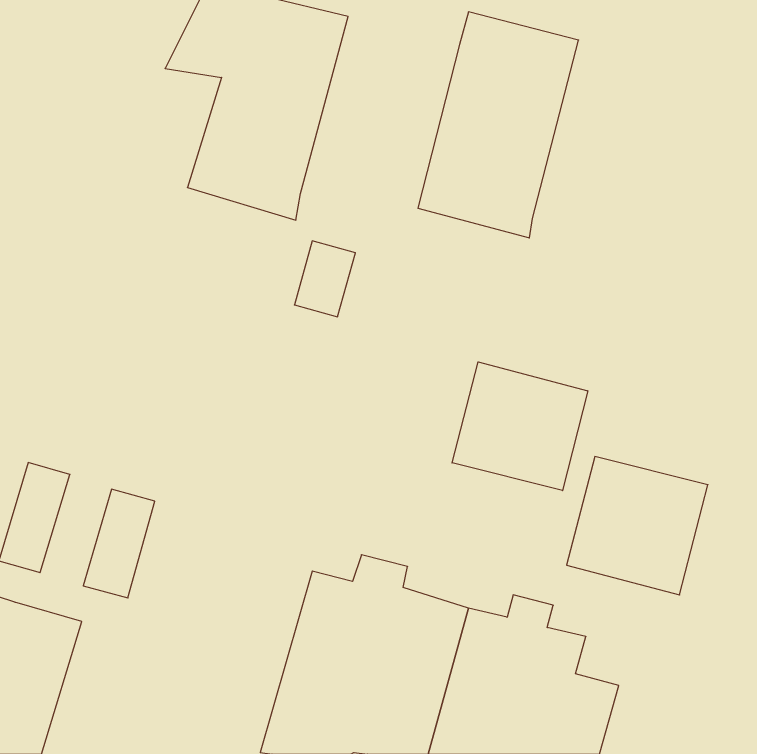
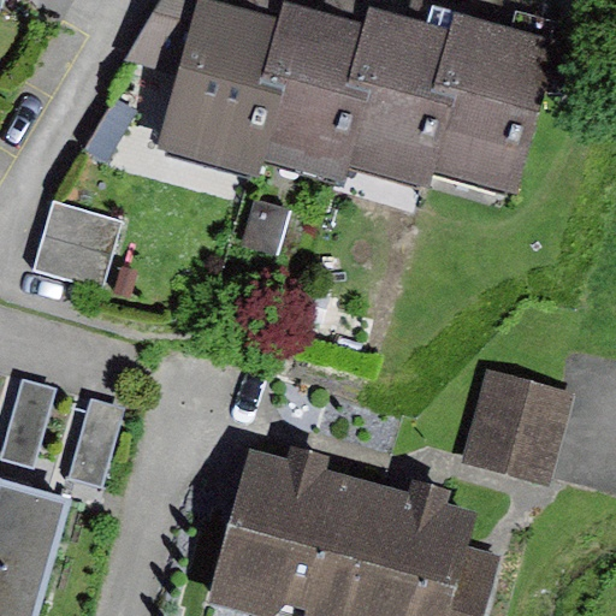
building: none -> [243,13,372,179]
building: none -> [431,22,559,200]
building: none -> [31,197,118,284]
building: [452,362,588,491] -> none

